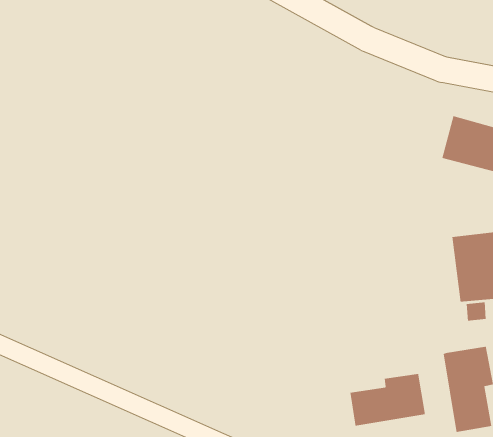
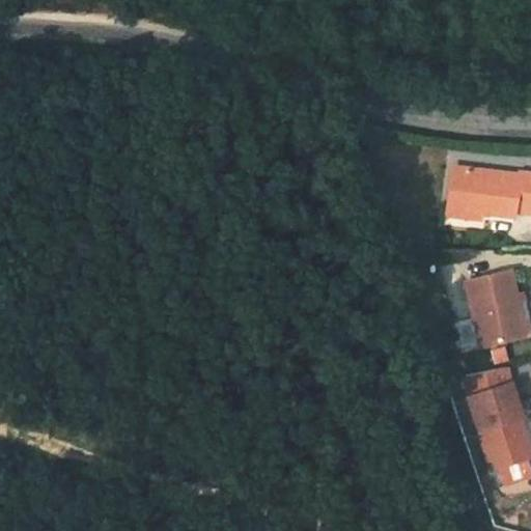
building: none -> [467,368,513,396]
building: [350,373,425,427] -> none

